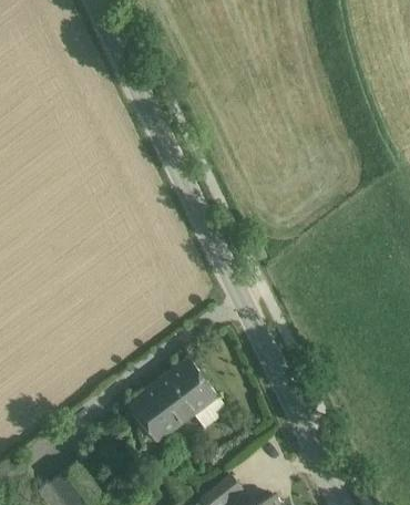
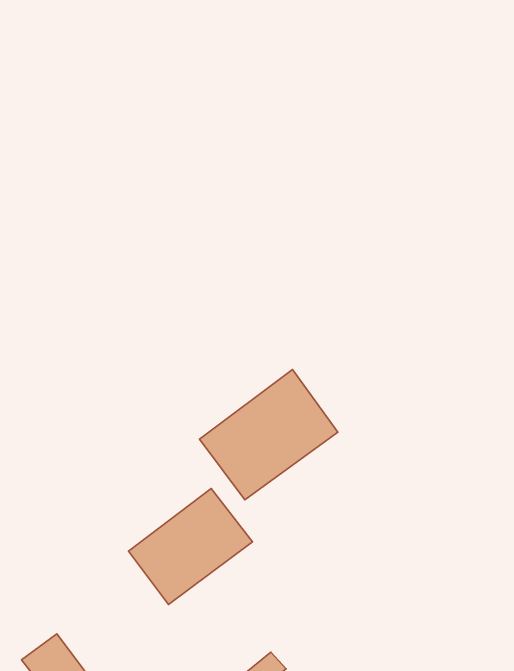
building: none -> [199,370,338,500]

